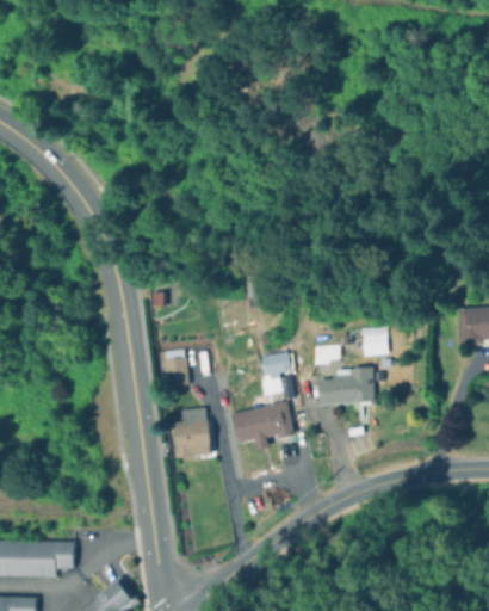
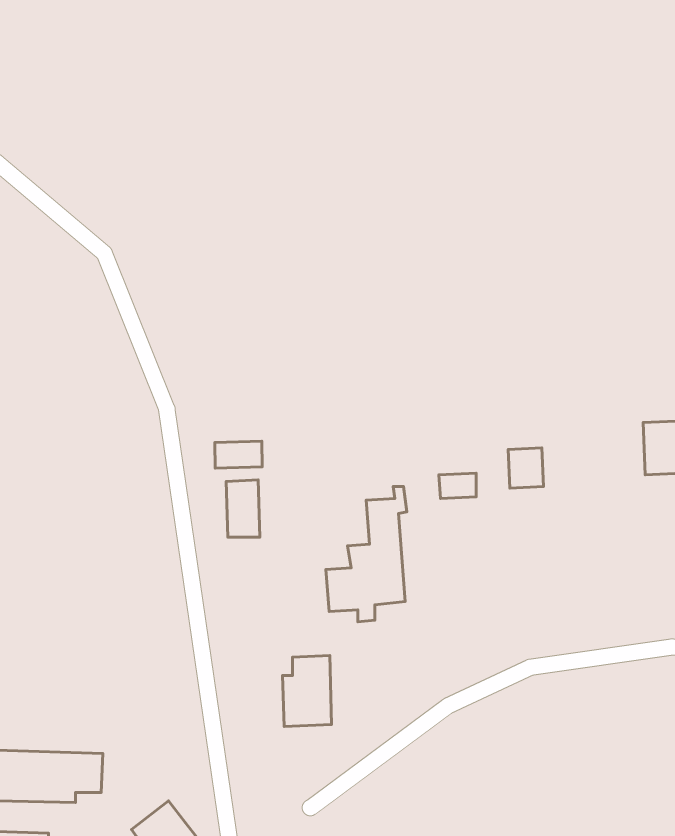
building: none -> [215,441,262,468]
building: [317,366,375,403] -> none
building: [174,407,209,457] -> [282,655,331,726]

